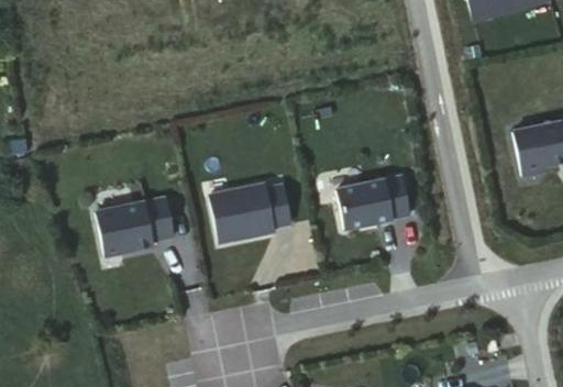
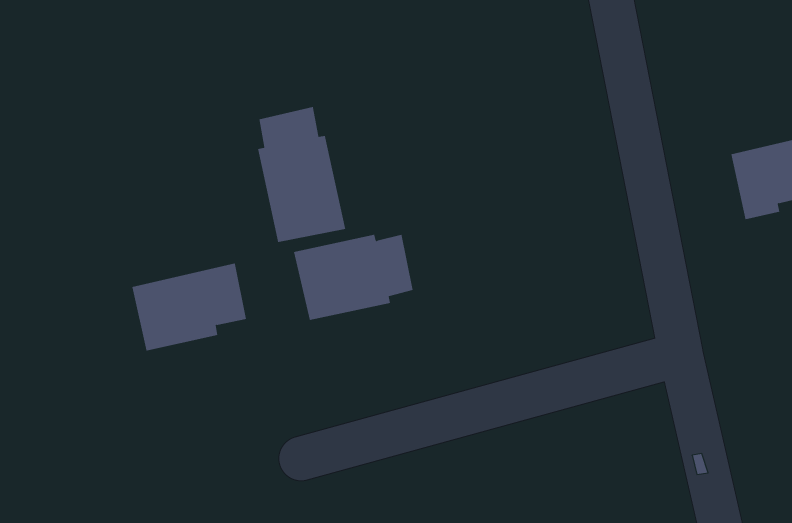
building: none -> [257,106,346,243]
building: [335,176,409,230] -> none

